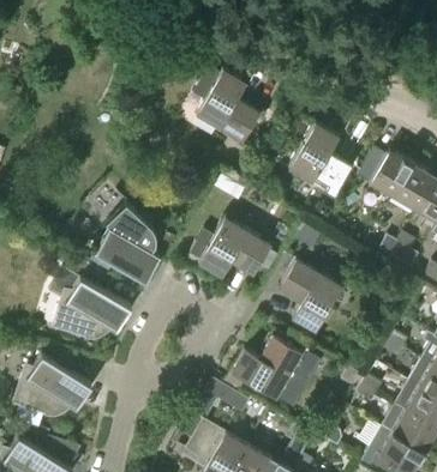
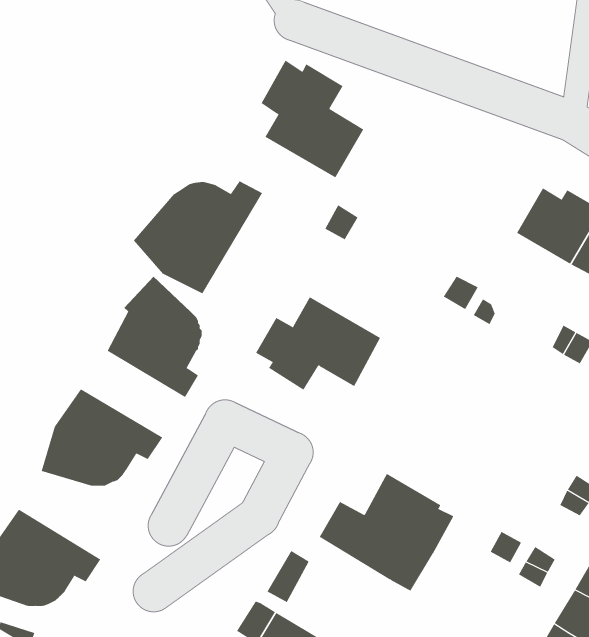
building: [289,123,353,196] -> none
building: none -> [133,180,263,294]
building: [279,260,343,332] -> none

